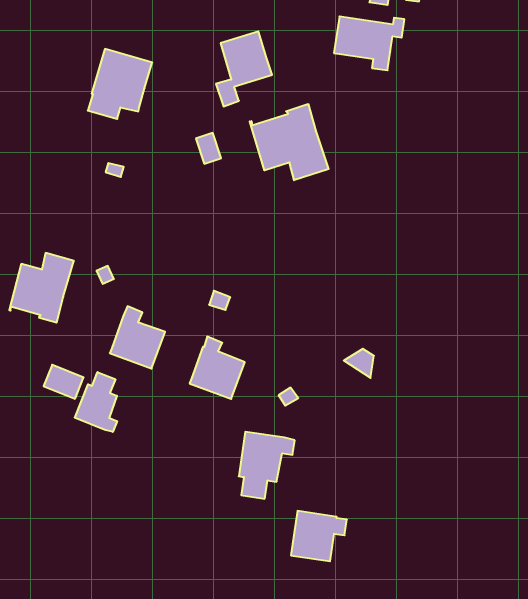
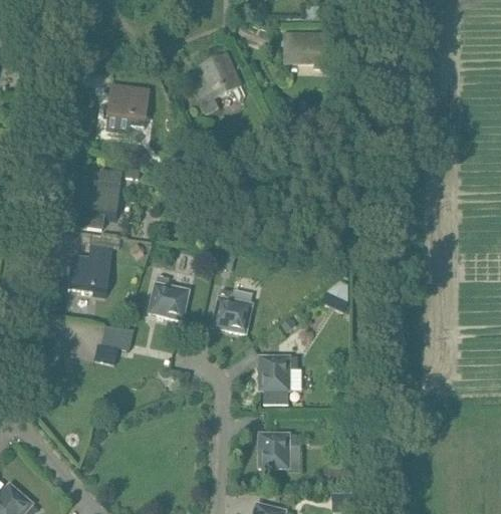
building: [250,104,329,180] -> none
building: none -> [77,168,121,229]
building: [75,372,117,432] -> none
building: [291,511,347,561] -> [259,433,297,467]

